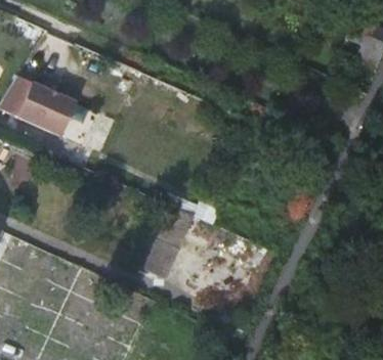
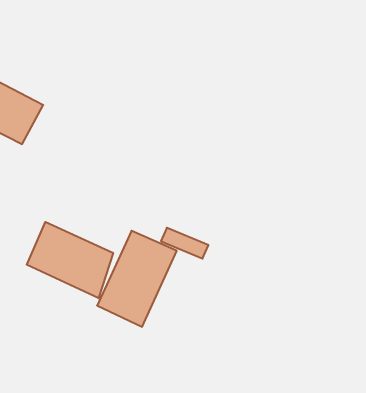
building: none -> [27,222,113,298]

